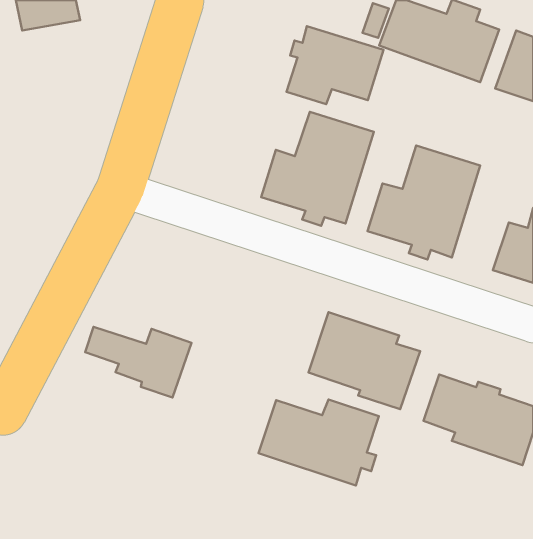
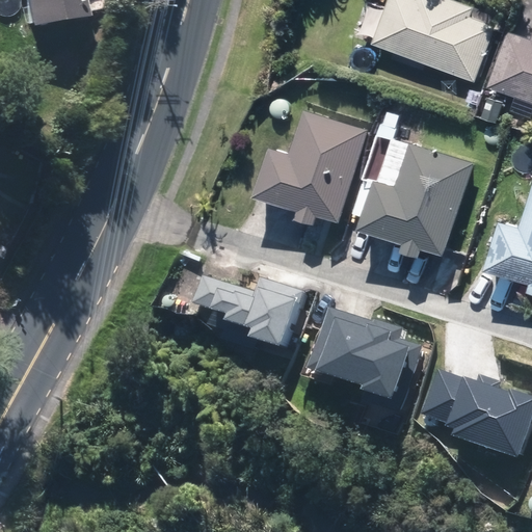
building: [287,26,384,104] -> none
building: [85,327,191,398] -> [189,275,294,345]
building: [258,399,379,486] -> none

